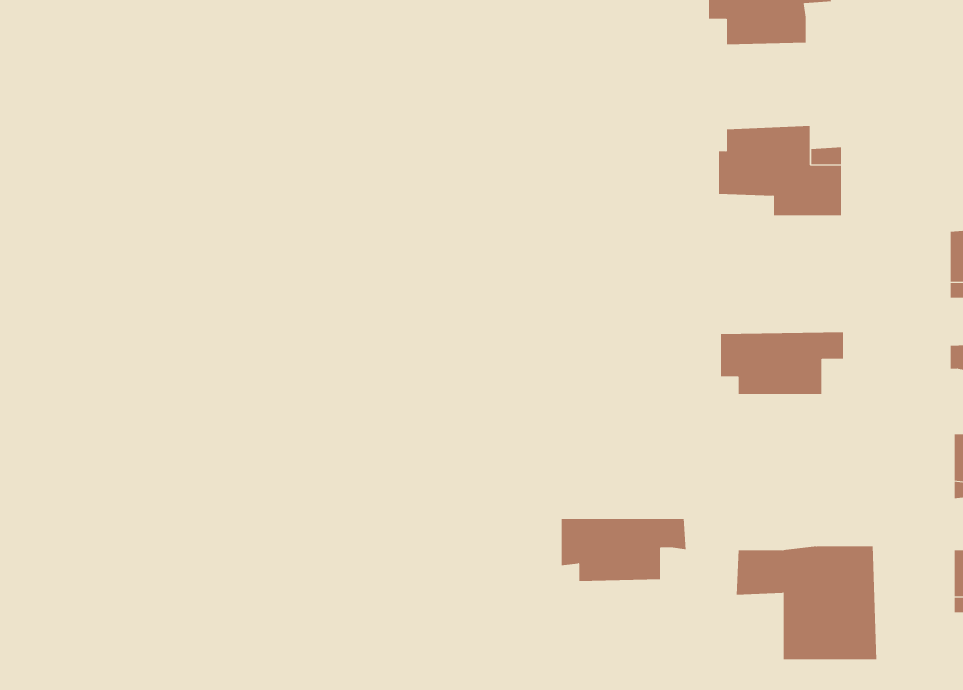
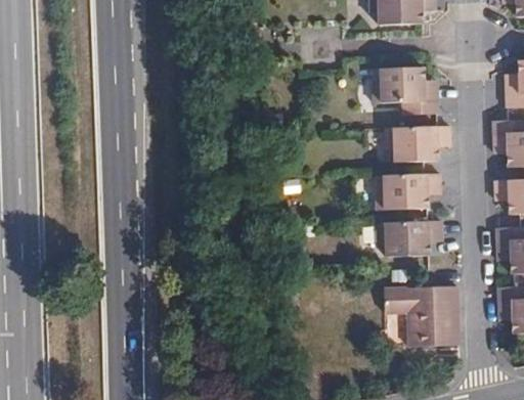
building: none -> [385,126,450,160]
building: [561,519,686,581] -> [378,220,443,253]

